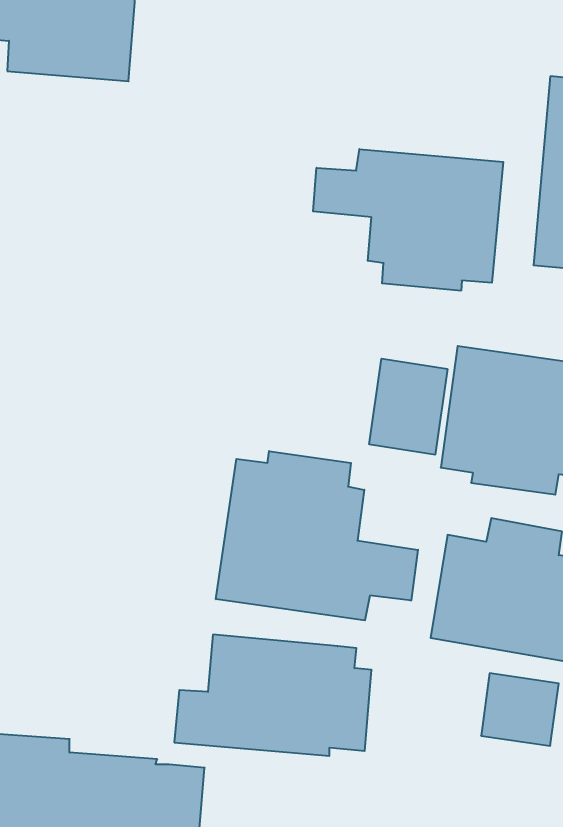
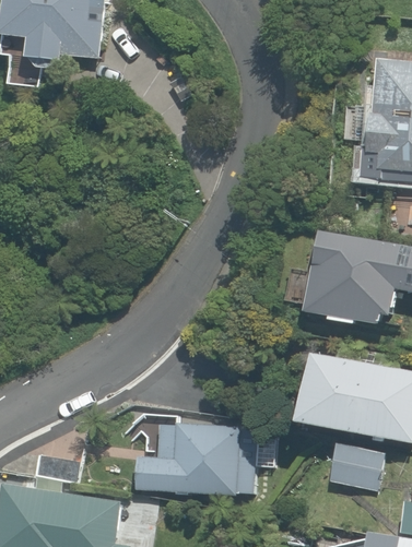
building: [313,149,503,291] -> none
building: [369,359,447,455] -> none
building: [216,451,418,620] -> none

